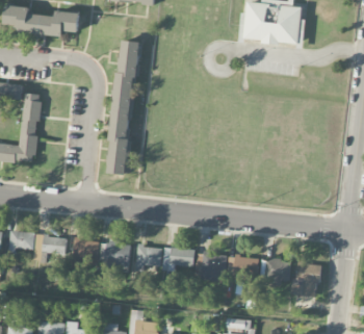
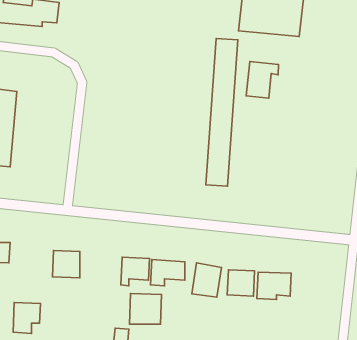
building: [108,40,137,174] -> [206,39,238,186]
building: none -> [246,61,279,98]
building: [41,235,66,263] -> [13,303,41,333]
building: [100,241,129,269] -> [129,293,161,324]
building: [290,262,320,296] -> none

